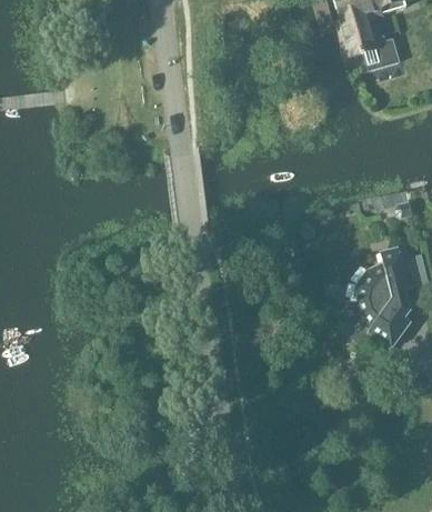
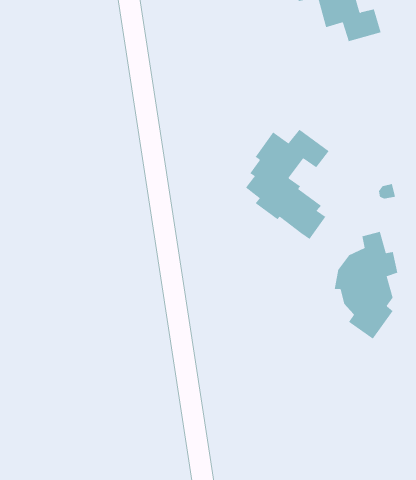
building: none -> [245,129,330,240]

